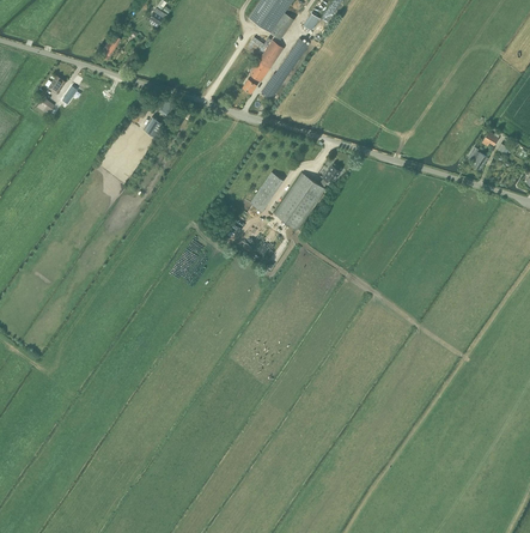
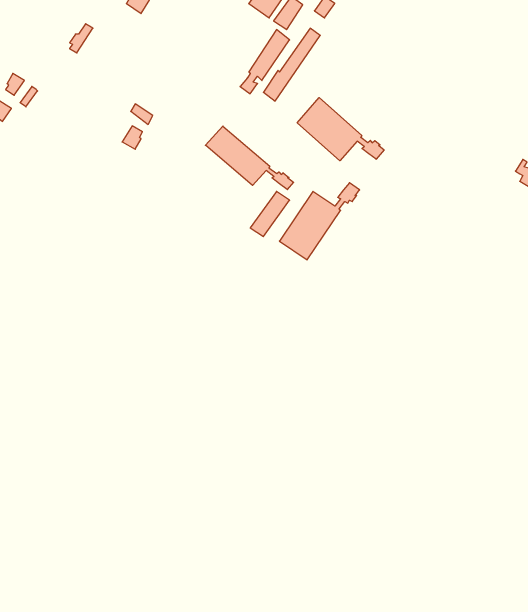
building: none -> [297,98,384,161]
building: none -> [205,126,294,190]

